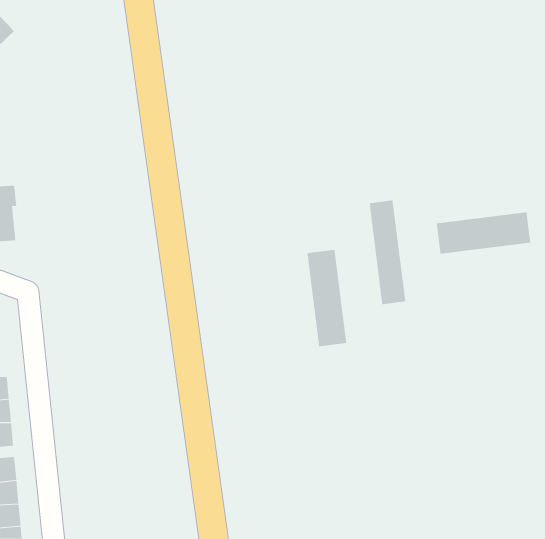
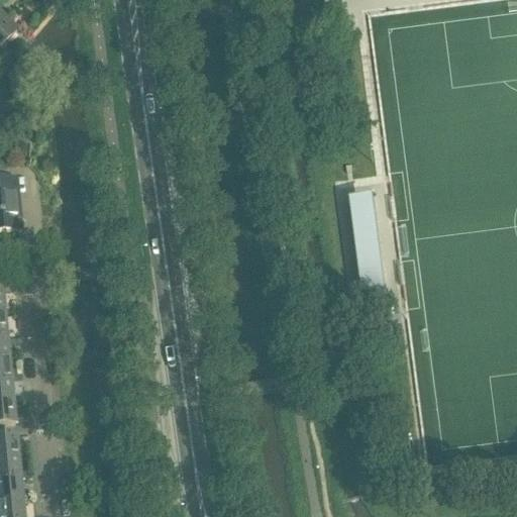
building: [436,212,531,255] -> none
building: [307,249,347,347] -> none

